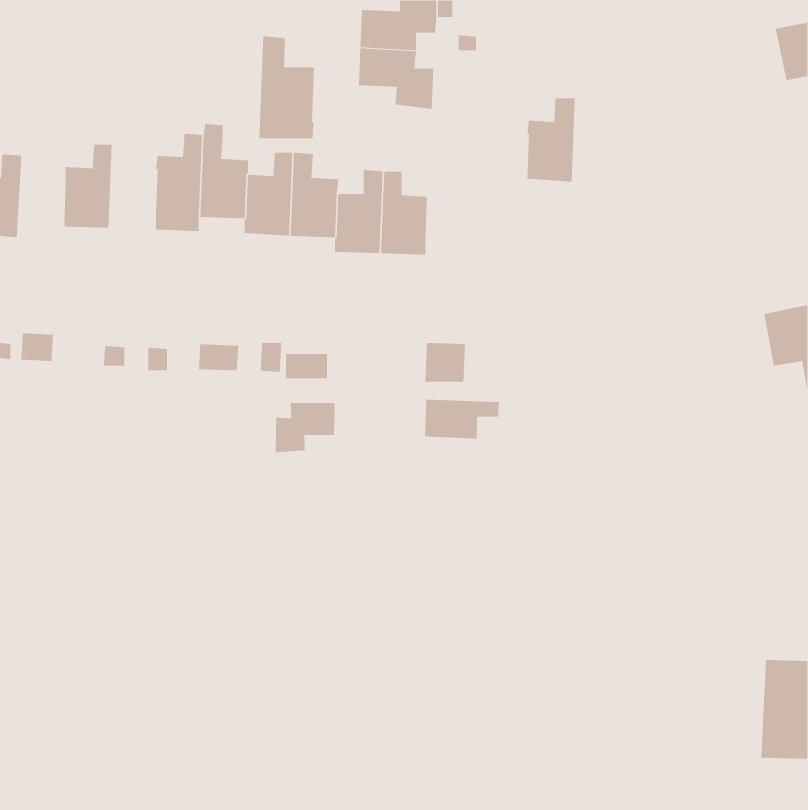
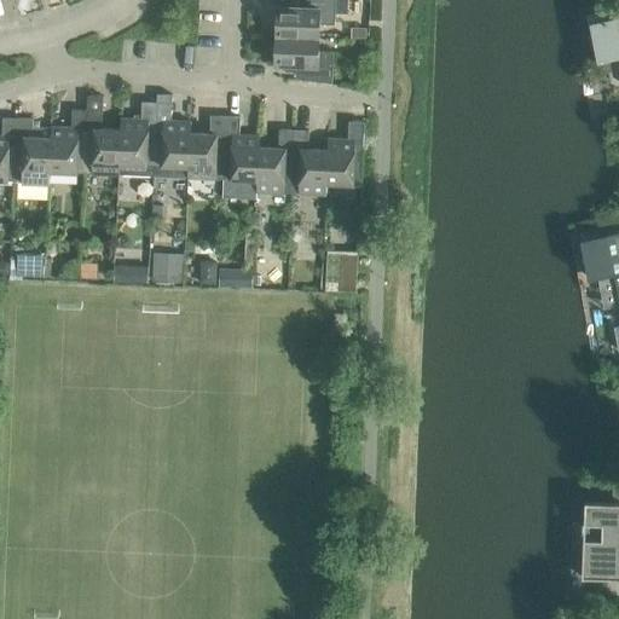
building: [259,36,315,139] -> none
building: [526,98,576,182] -> [325,122,363,186]
building: none -> [83,110,120,175]
building: none -> [13,118,50,183]
building: [424,399,500,440] -> none
building: [275,402,335,453] -> none

